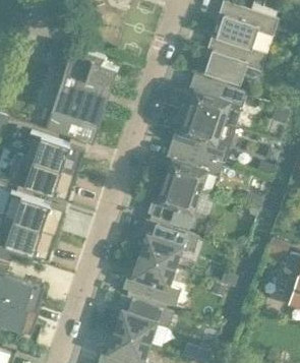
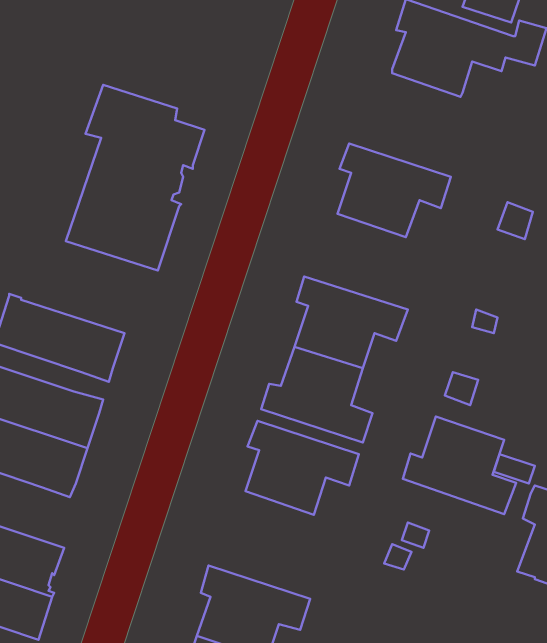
building: [203,37,265,86] -> none
building: [169,113,228,163] -> none
building: [21,132,83,175] -> none
building: [121,257,180,308] -> [403,416,516,514]

